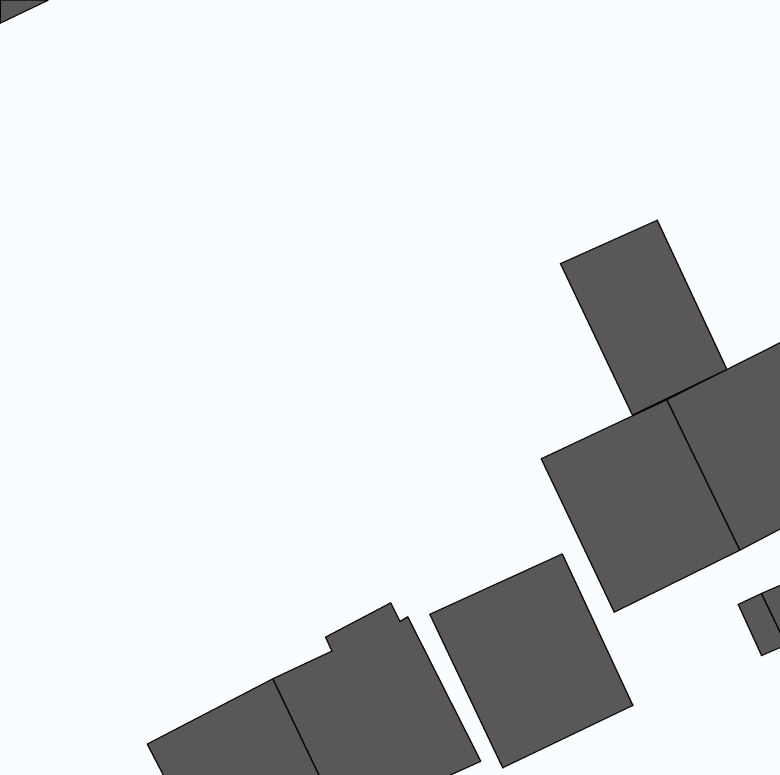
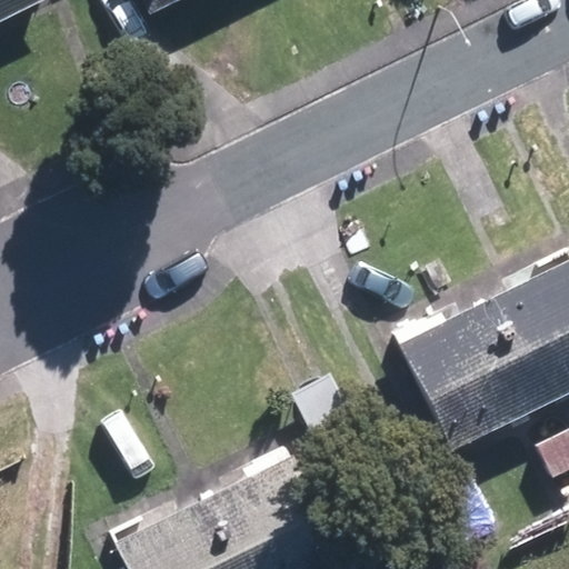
building: [560,220,727,415] -> none
building: [430,554,633,768] -> none

